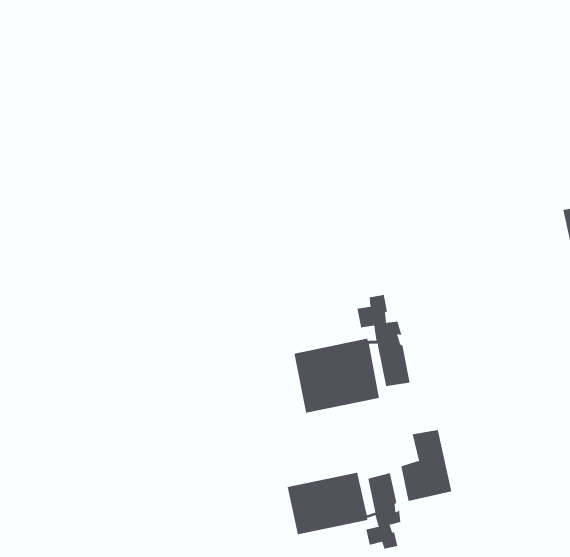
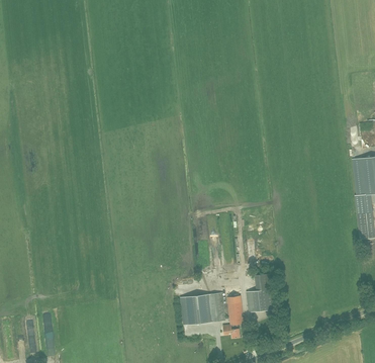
building: [294,294,410,414] -> none

